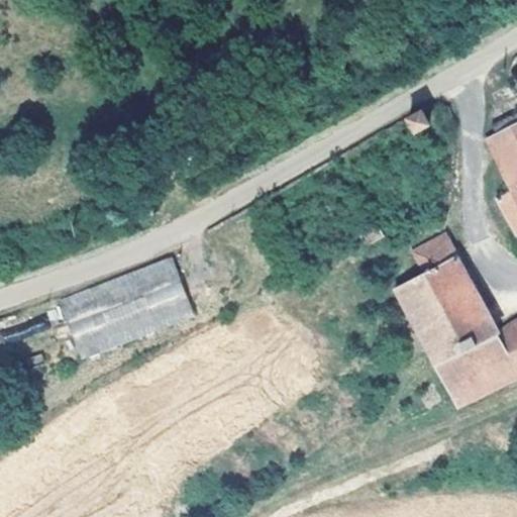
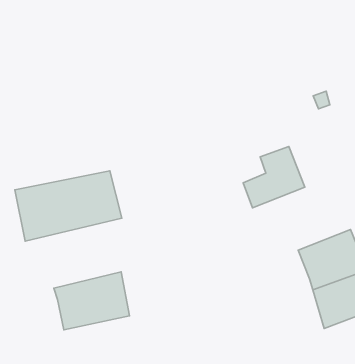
building: [399,237,476,320] -> [243,146,305,208]
building: none -> [54,272,129,330]

